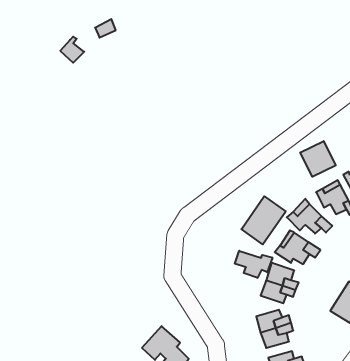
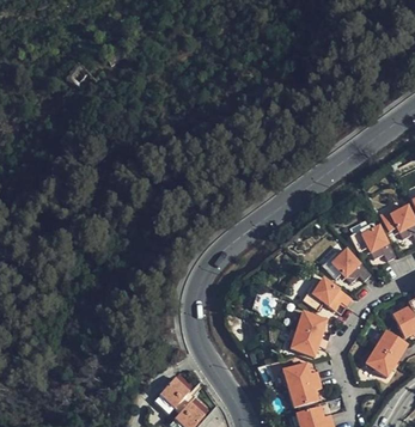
building: [300,141,336,177] -> none
building: [241,196,286,244] -> none
building: [235,251,272,278] -> none

